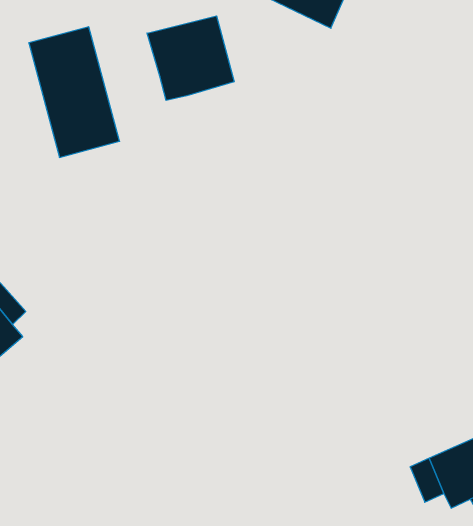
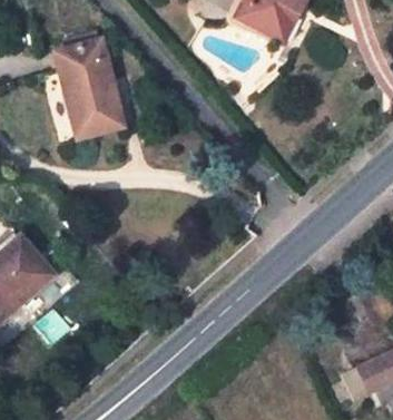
building: [147,16,234,100] -> none

